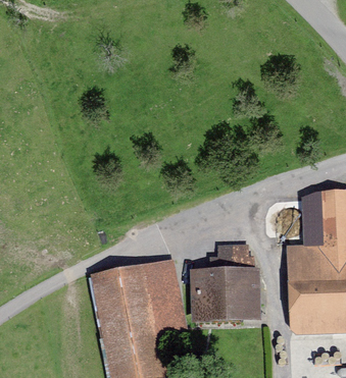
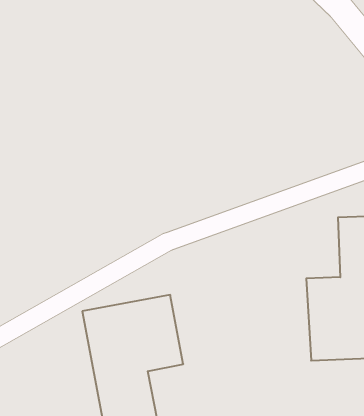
building: [194,276,254,318] -> none

